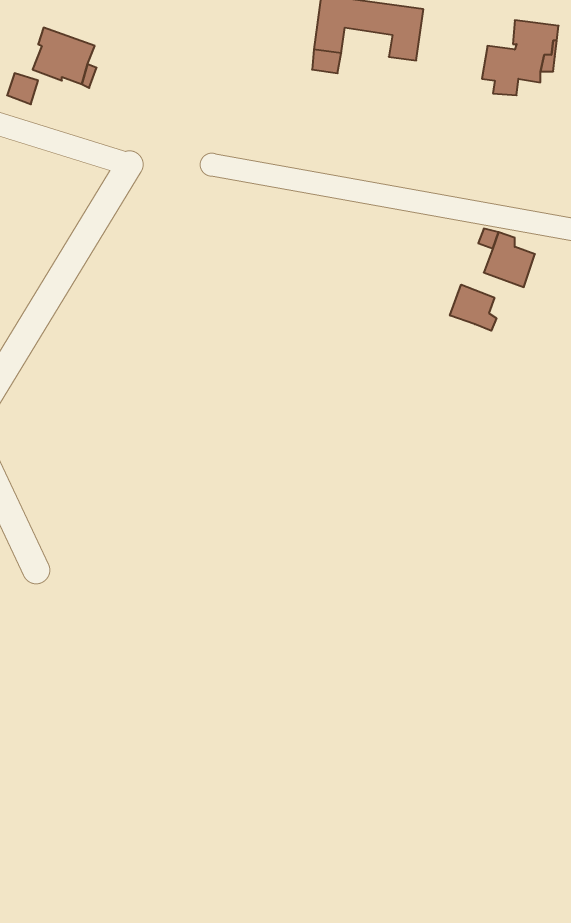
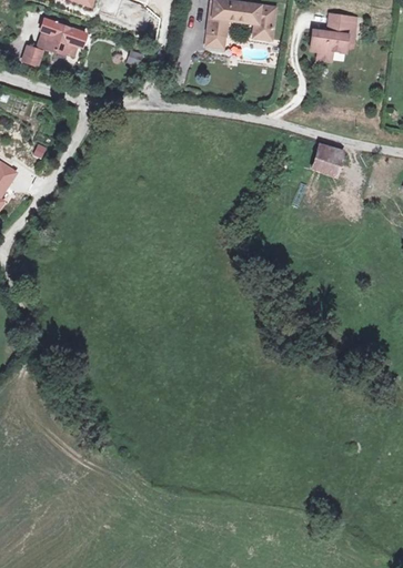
building: [450,285,496,331] -> none

